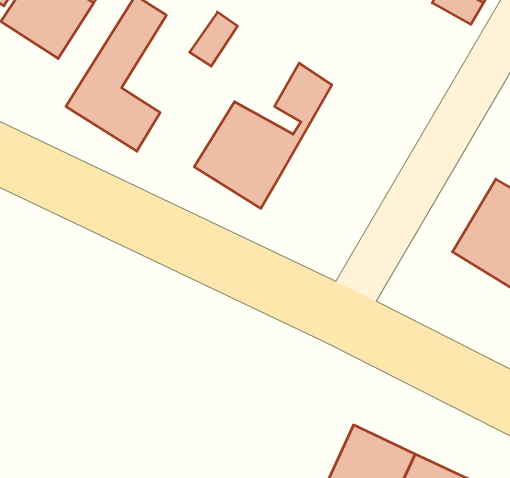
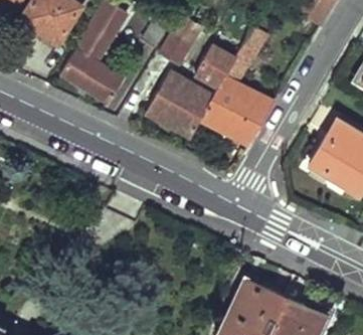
building: none -> [158,17,200,64]
building: none -> [196,20,274,147]

